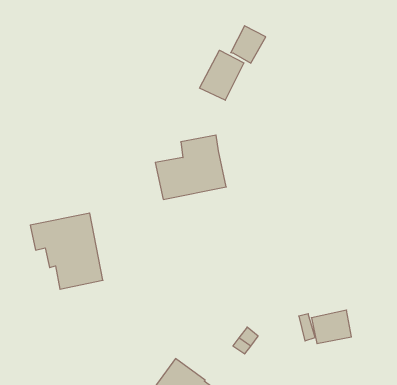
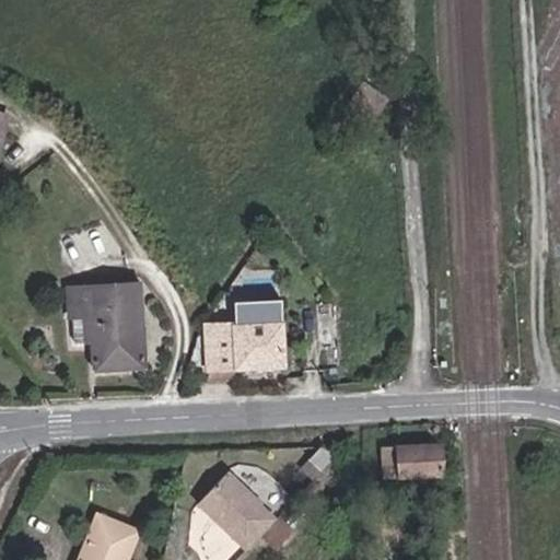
building: [200,50,244,100] -> none
building: [155,135,226,199] -> [201,299,284,369]

